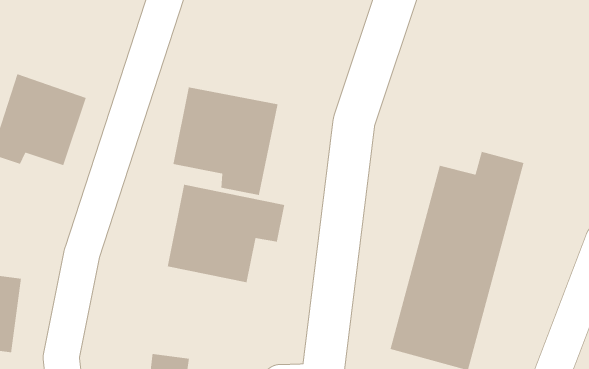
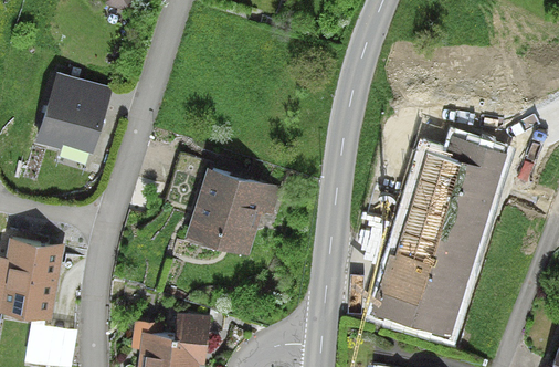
building: [173,87,278,196] -> none

